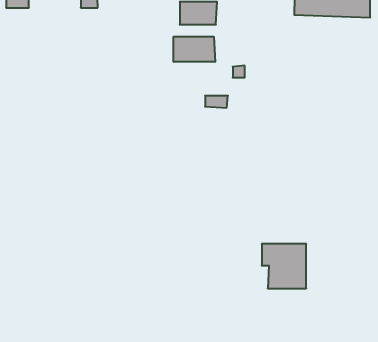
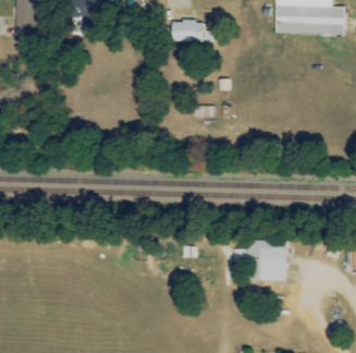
building: [174,37,215,62] -> none

